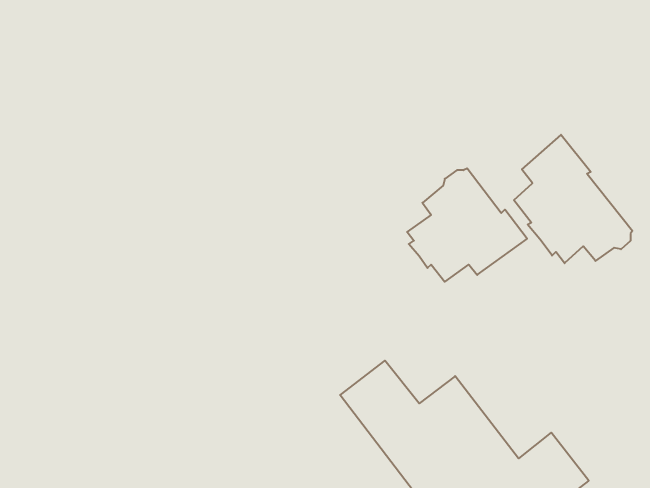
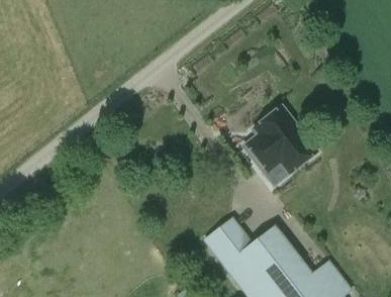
building: [514,135,632,263] -> none

